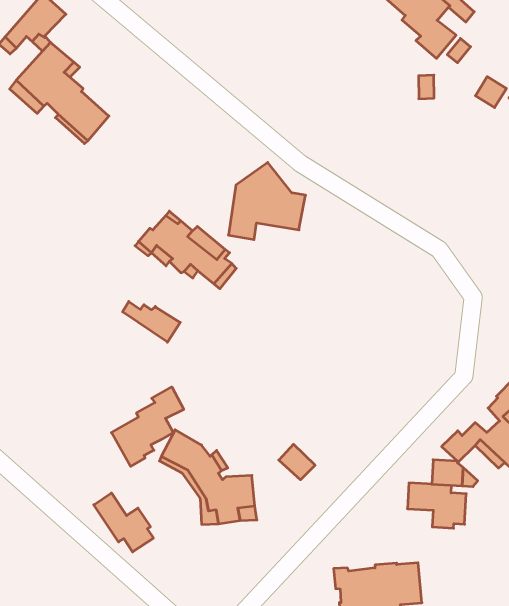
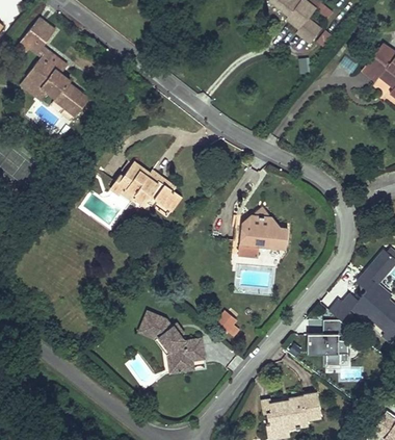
building: [228,162,306,240] -> [238,204,289,257]
building: [123,301,180,342] -> none
building: [111,387,184,466] -> none
building: [94,493,153,552] -> none

